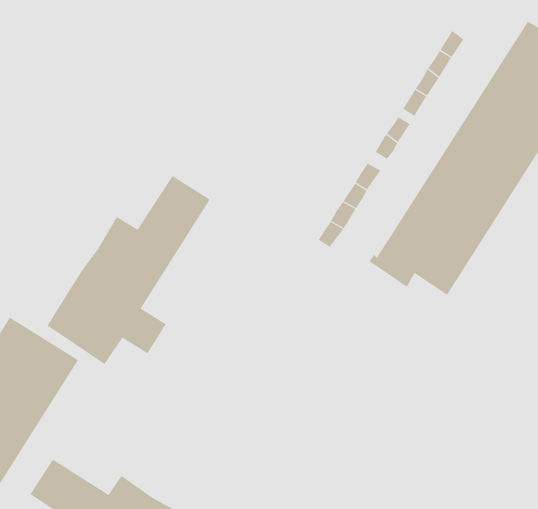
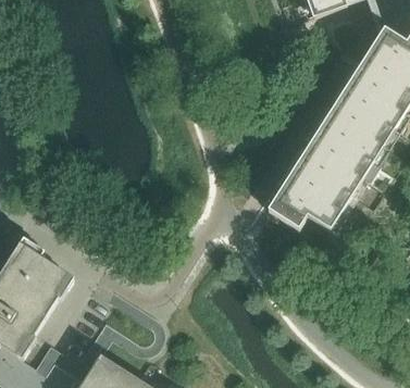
building: [47,175,210,365] -> none

